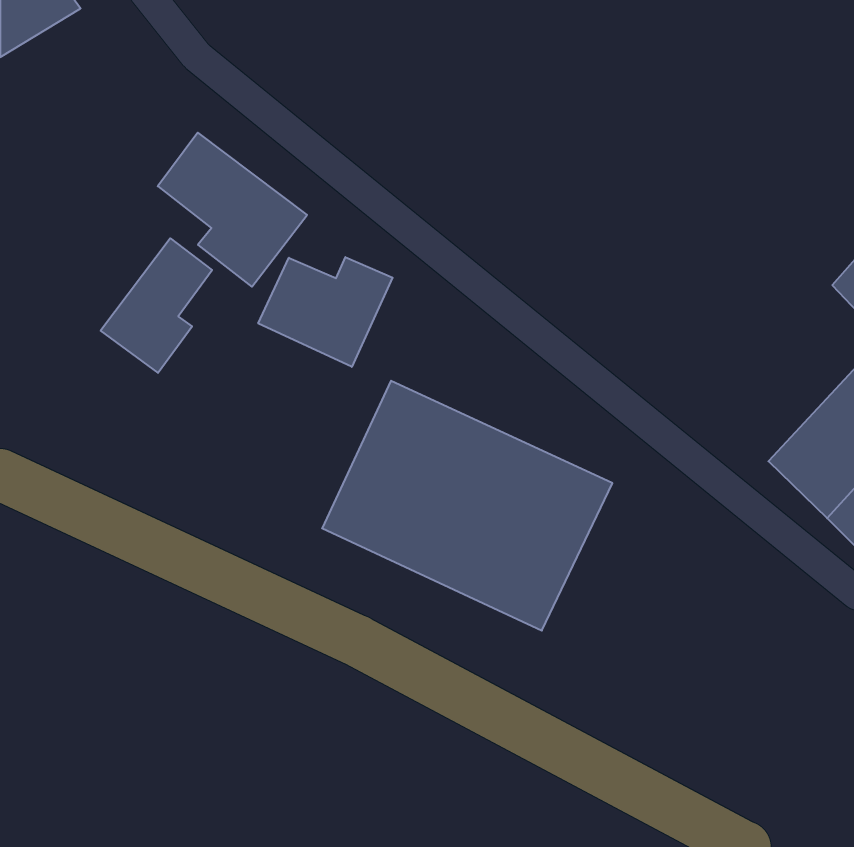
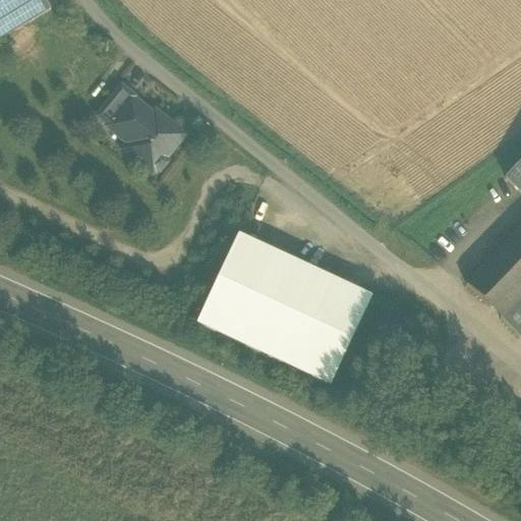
building: [101,238,212,373] -> none
building: [258,257,393,367] -> none

